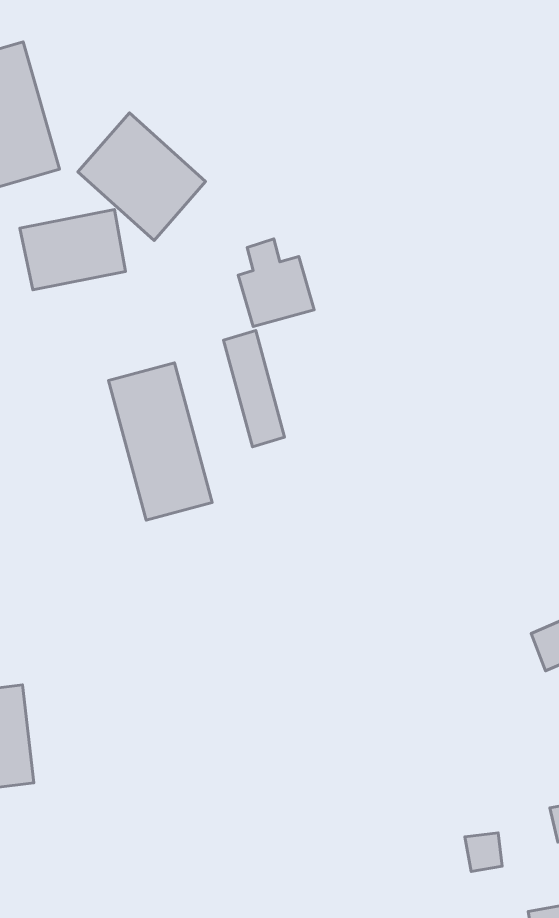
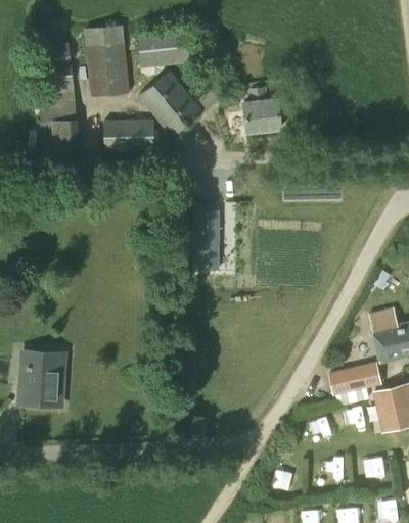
building: none -> [137,30,190,69]
building: [238,239,314,326] -> [243,88,279,131]
building: [108,363,212,520] -> none

